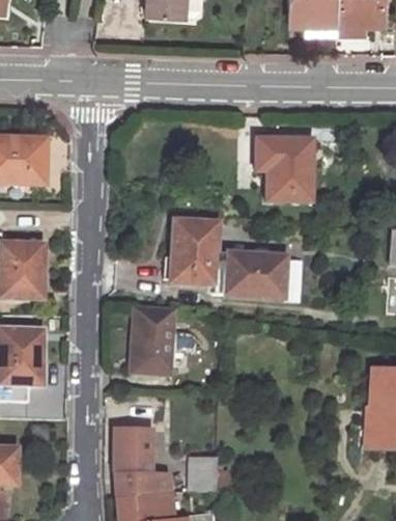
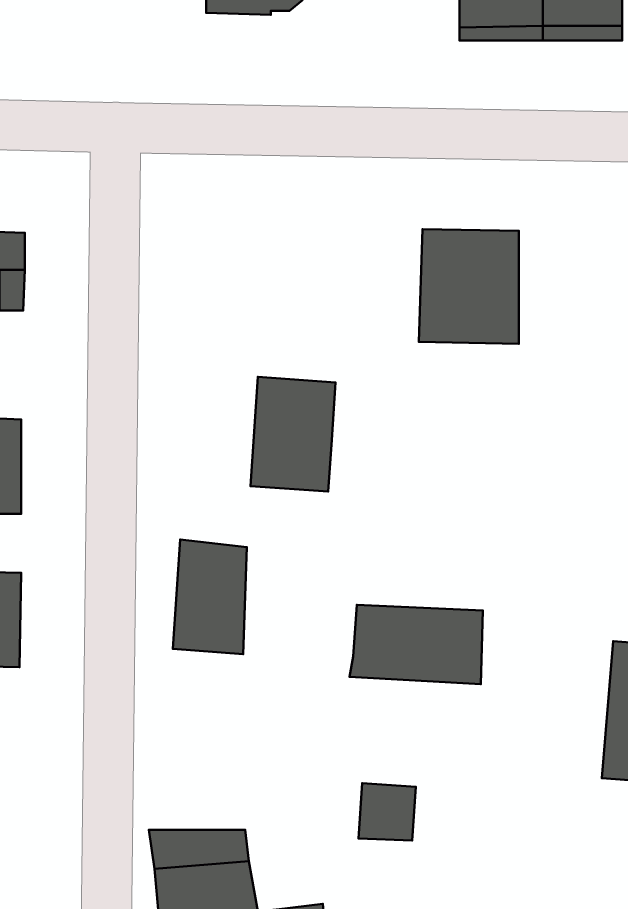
building: [213,254,287,299] -> [350,605,483,684]
building: [114,429,152,473] -> none
building: [186,458,218,490] -> [358,783,416,840]

